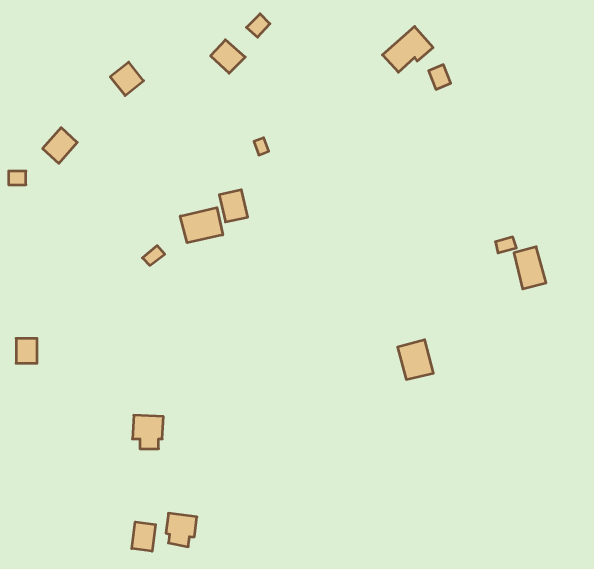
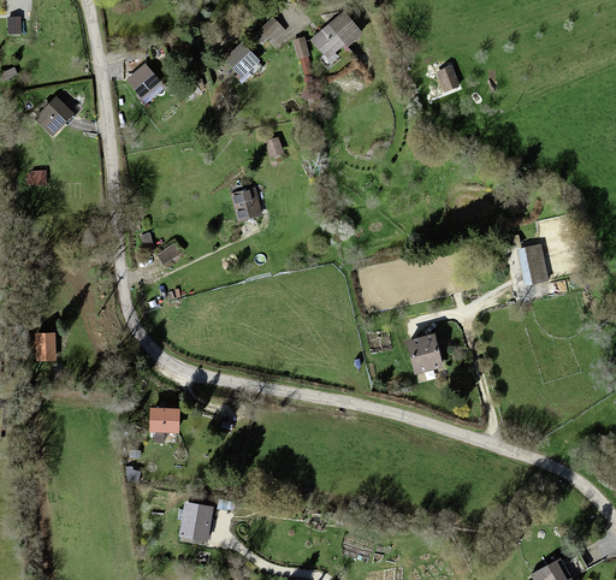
building: [382,26,433,72] -> [313,11,362,55]
building: [43,128,77,163] -> [37,97,71,132]
building: [180,208,223,243] -> none
building: [132,522,156,551] -> none

